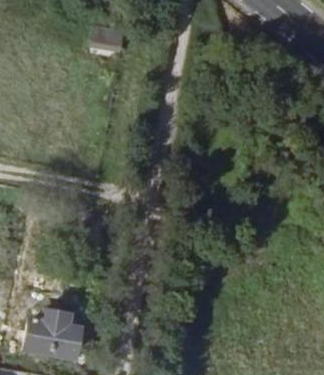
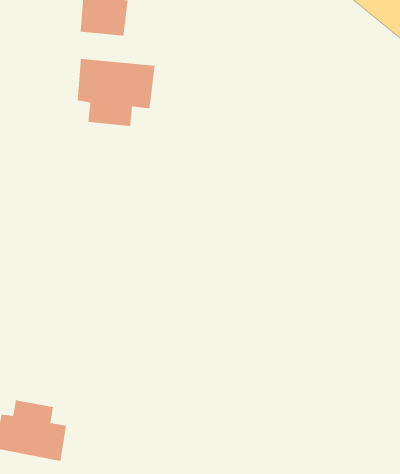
building: none -> [77,58,155,127]

